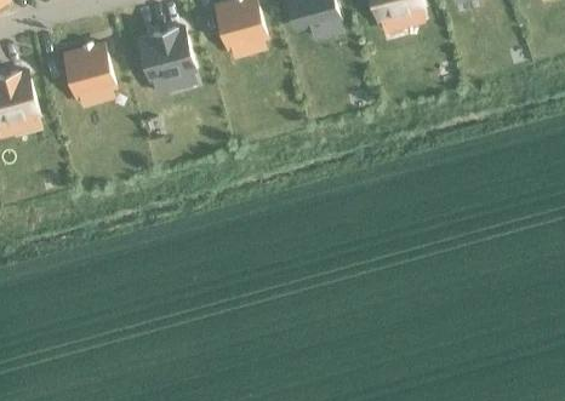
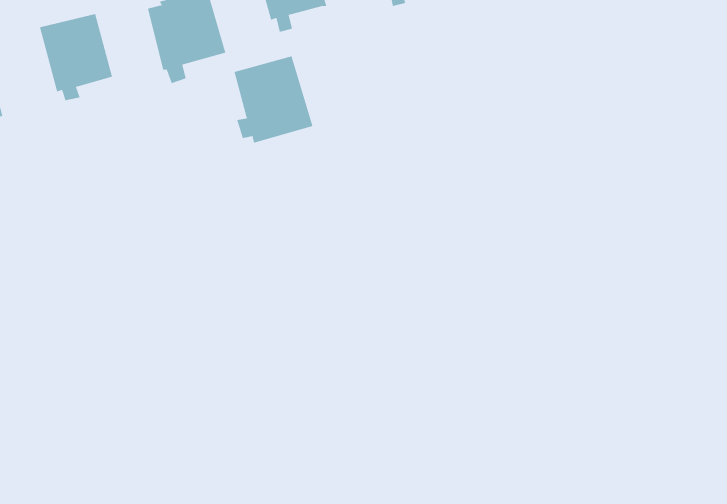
building: none -> [234,56,313,144]

